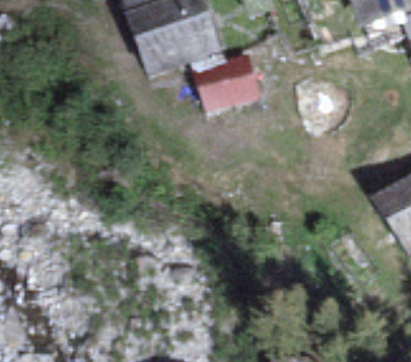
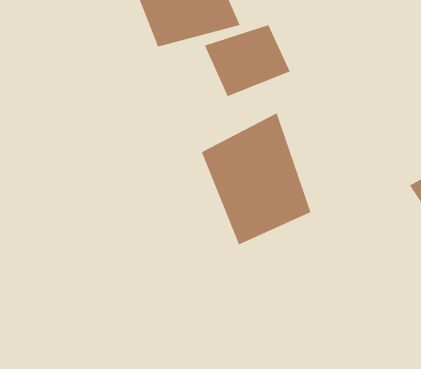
building: none -> [201,112,312,246]

